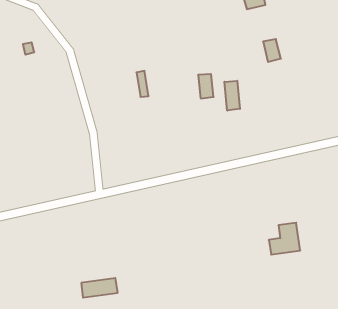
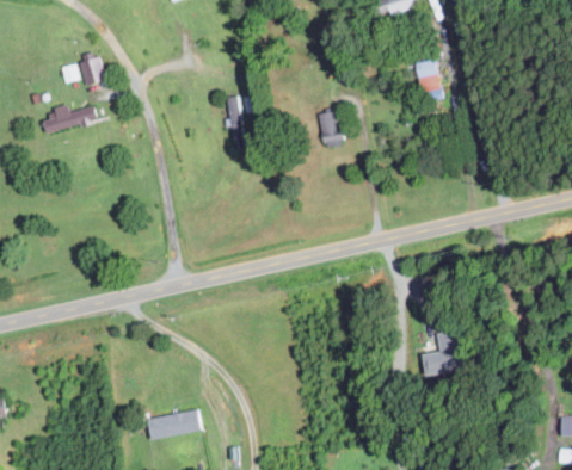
building: none -> [79,56,104,85]
building: none -> [43,104,98,134]
building: [224,81,240,111] -> none

